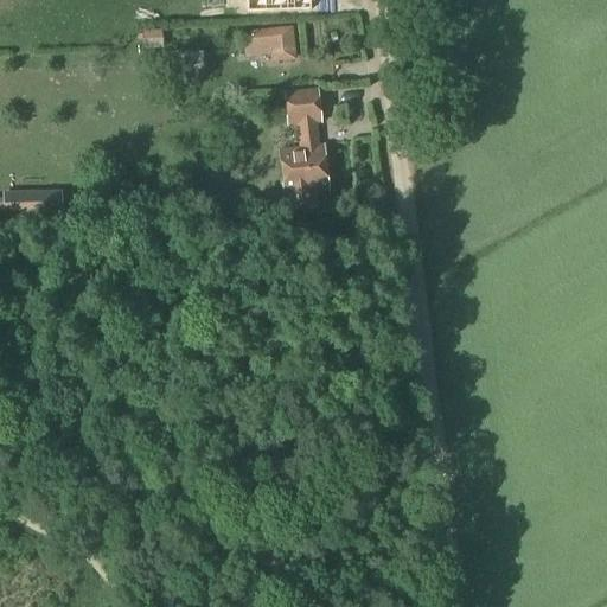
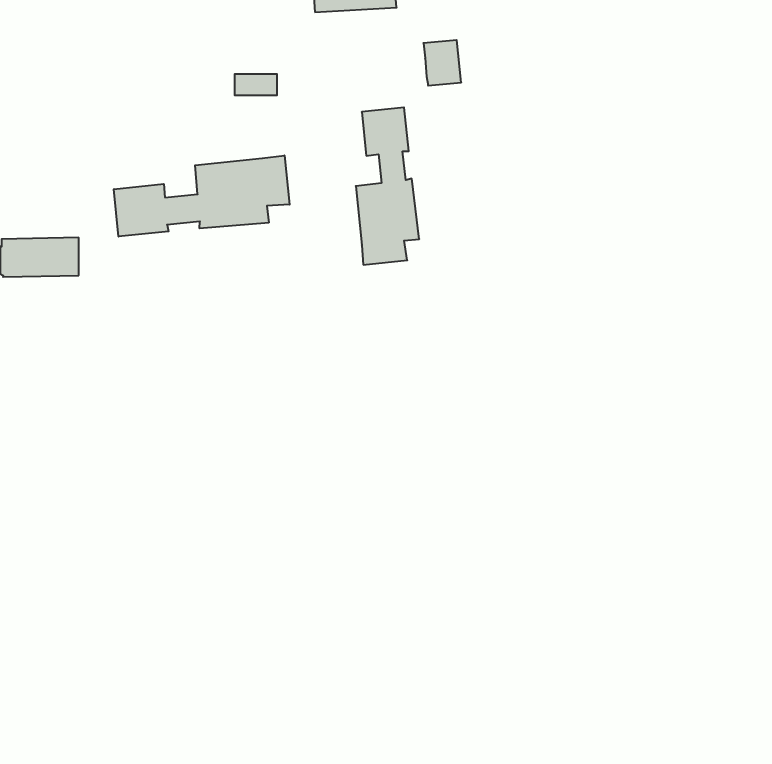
building: [268,24,298,59] -> [423,40,461,86]
building: none -> [114,155,290,237]

